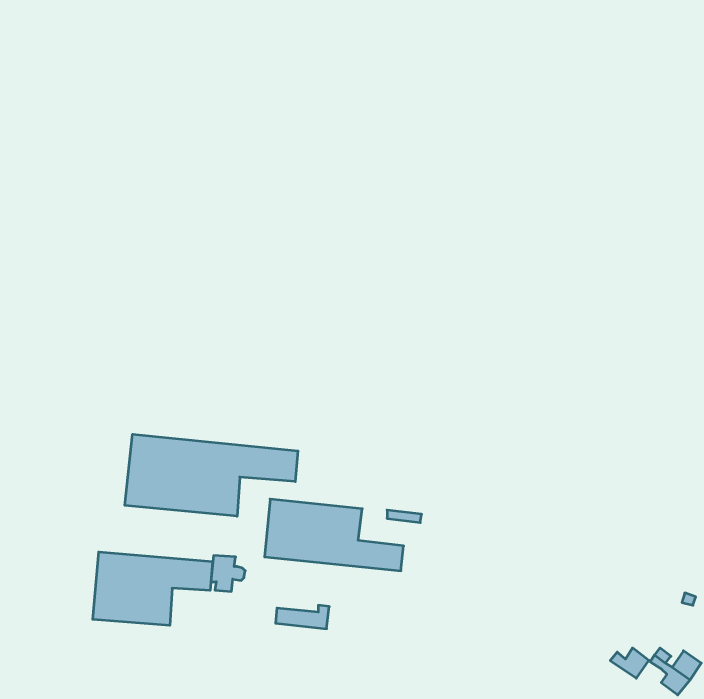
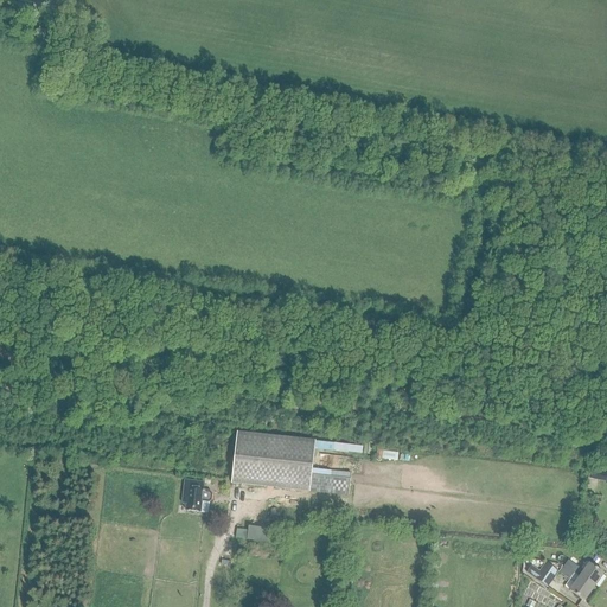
building: [125,434,298,516] -> none
building: [93,552,212,625] -> none

